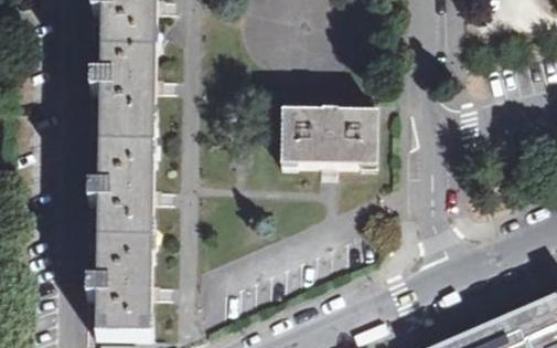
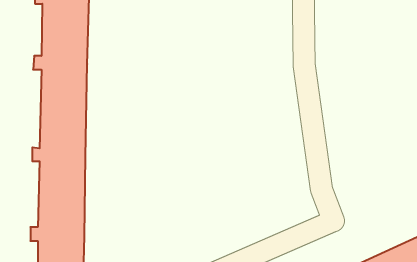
building: [280,112,378,168] -> none

